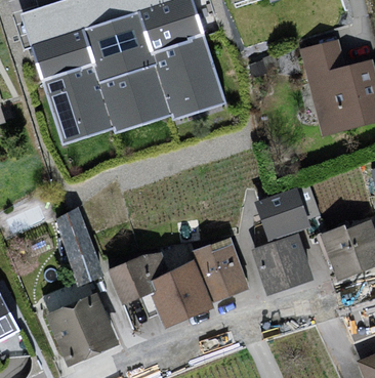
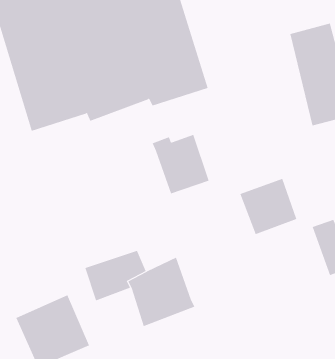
building: [57,209,100,282] -> none
building: [251,234,310,293] -> none
building: [193,244,246,299] -> [152,134,209,194]

